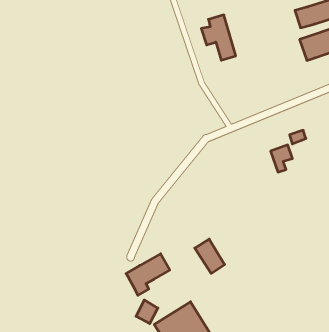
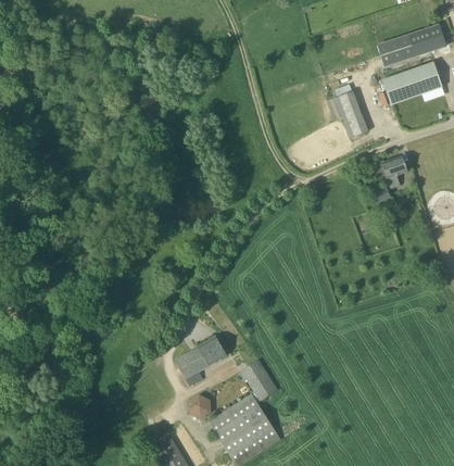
building: [201,15,236,60] -> [327,81,368,136]
building: [271,145,292,172] -> [381,154,407,187]
building: [195,239,225,273] -> [241,358,277,400]

